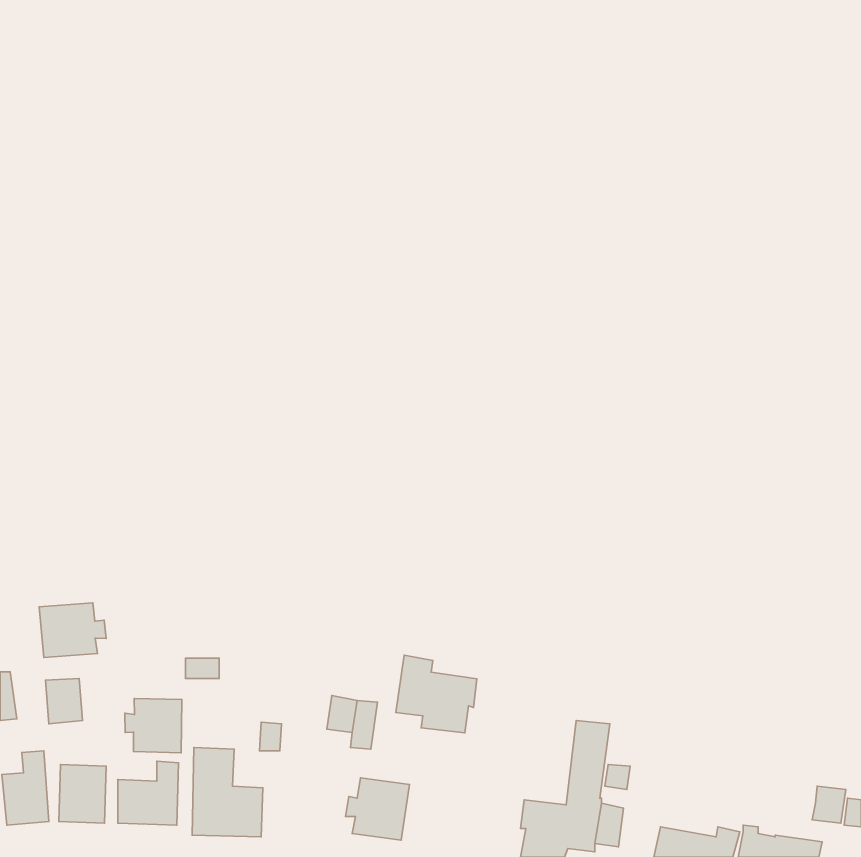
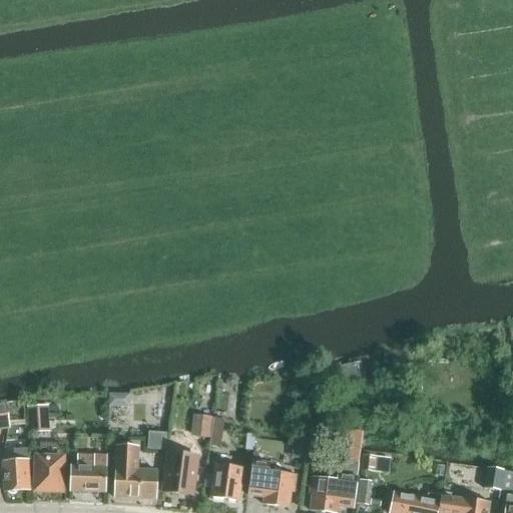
building: [39,603,106,658] -> none
building: [396,655,477,733] -> [247,460,296,506]
building: [125,698,182,753] -> none
building: none -> [162,450,198,494]

